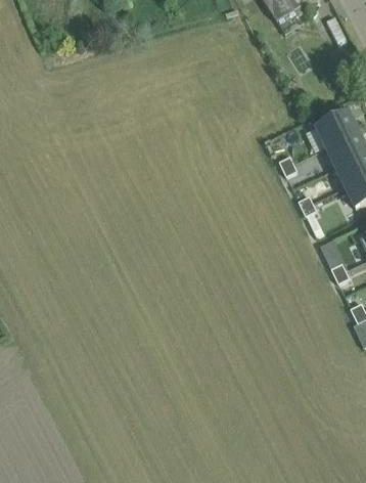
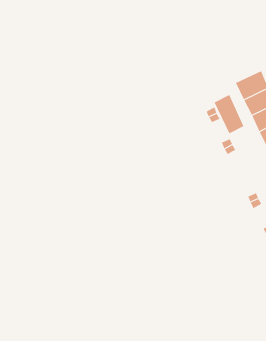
building: none -> [214,94,244,134]

